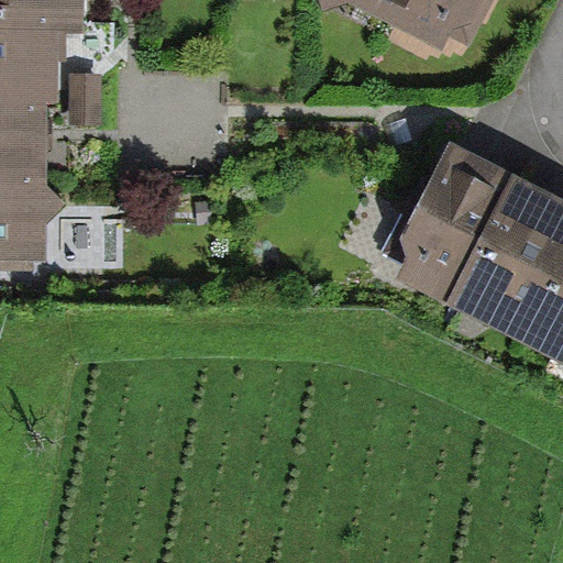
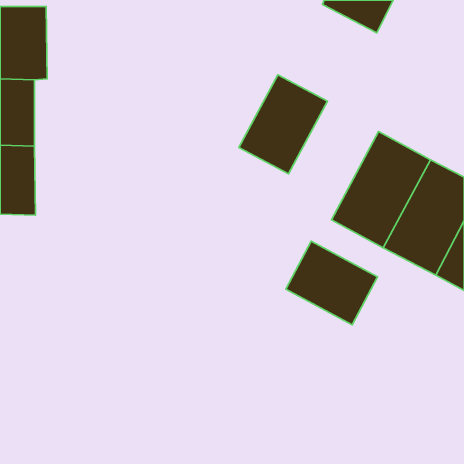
building: none -> [239,75,327,174]
building: none -> [286,241,378,325]

